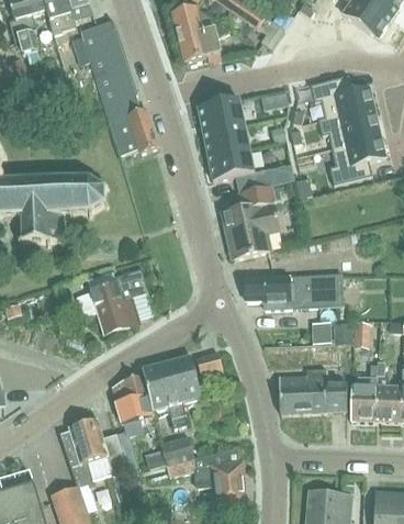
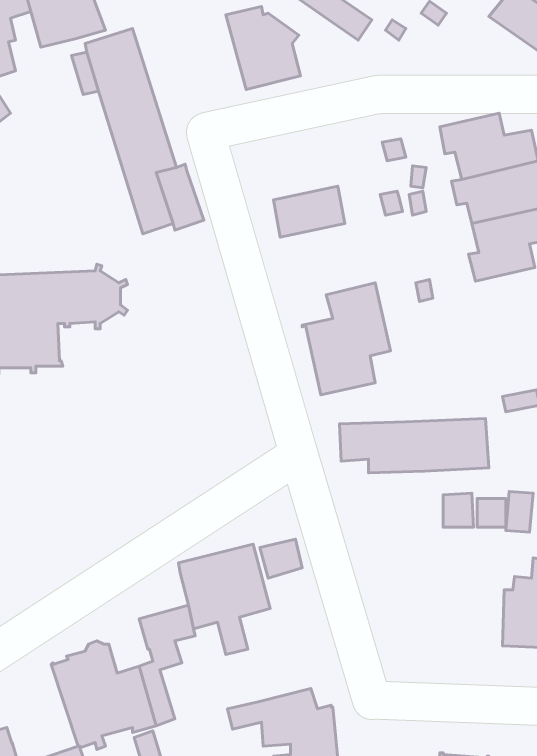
building: [198,99,245,132] -> none
building: [207,147,294,192] -> none
building: [90,268,146,333] -> none
building: [278,368,346,414] -> none
building: [112,374,148,403] -> none
building: [160,436,193,464] -> none

